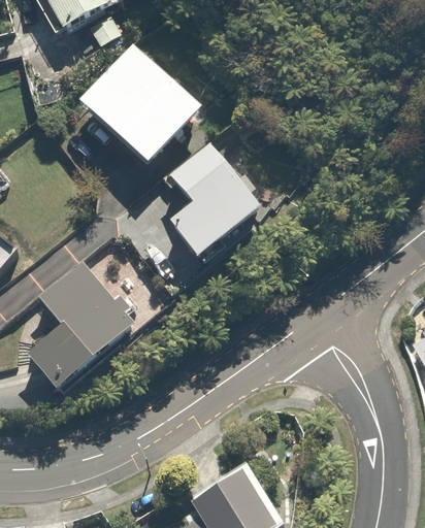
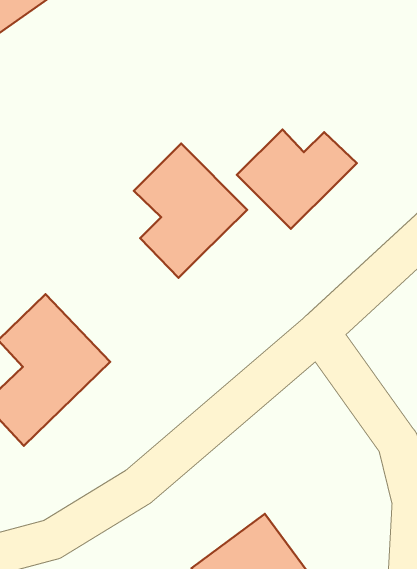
building: [80,44,200,163] -> none
building: none -> [237,129,357,229]

